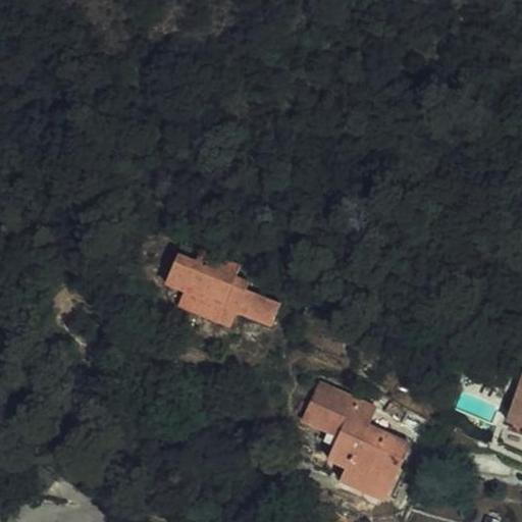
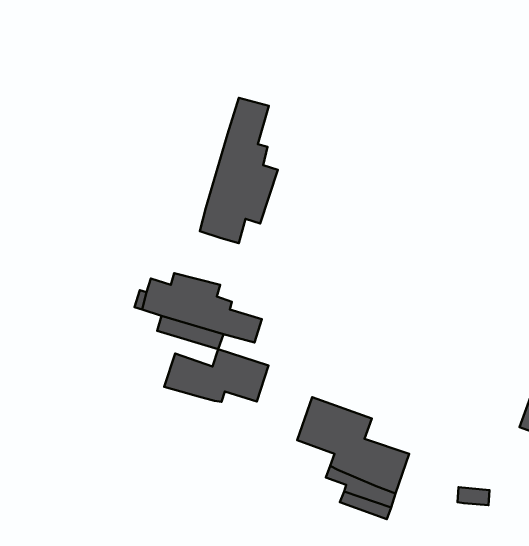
building: none -> [200,98,278,243]
building: none -> [164,349,269,402]

